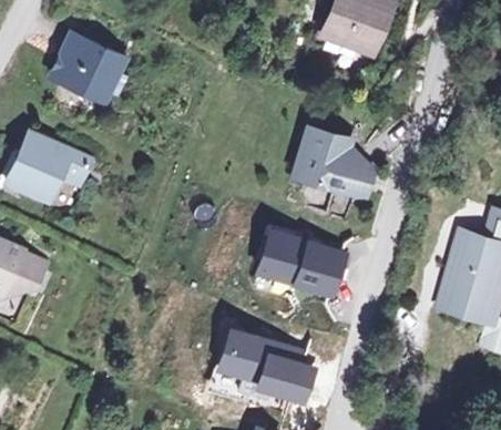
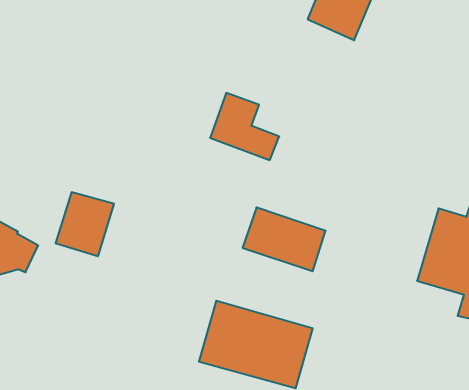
building: [50,32,120,99] -> none
building: [299,131,371,201] -> [210,93,279,160]
building: [18,139,79,205] -> [56,192,114,256]

